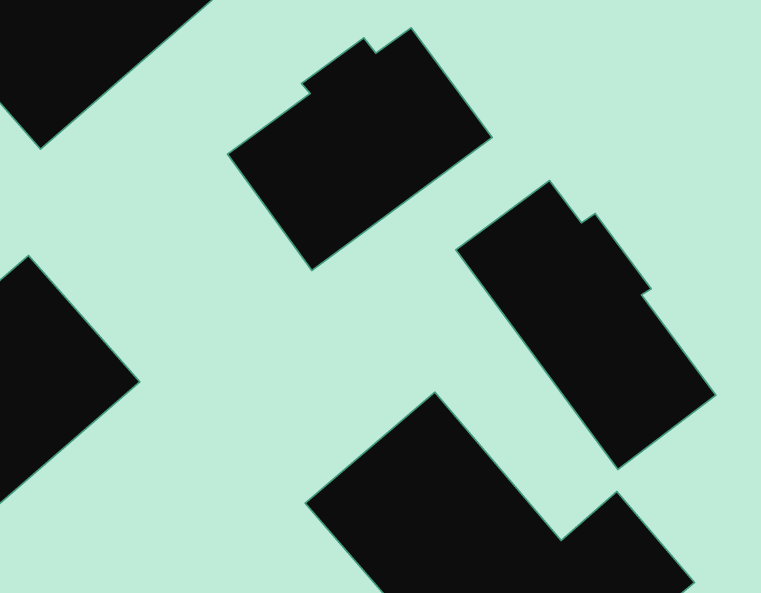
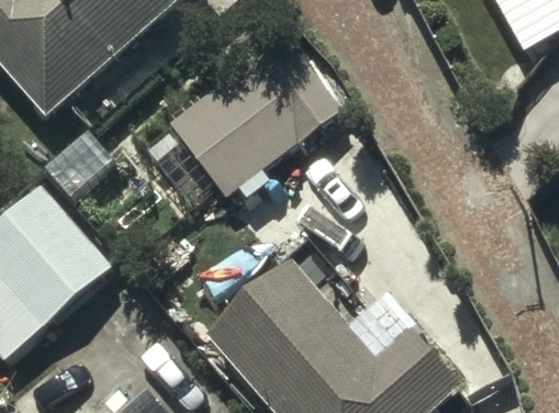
building: [456,181,716,469] -> none

